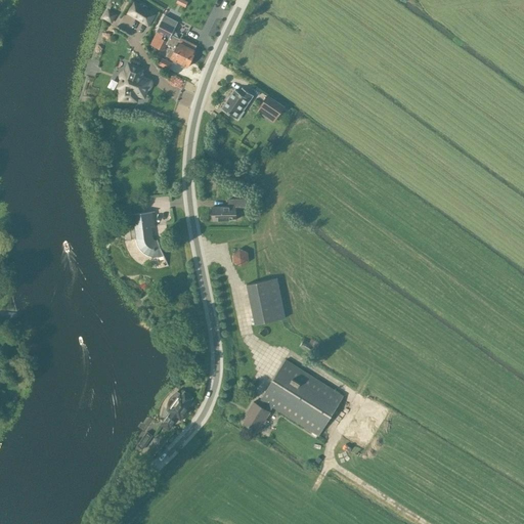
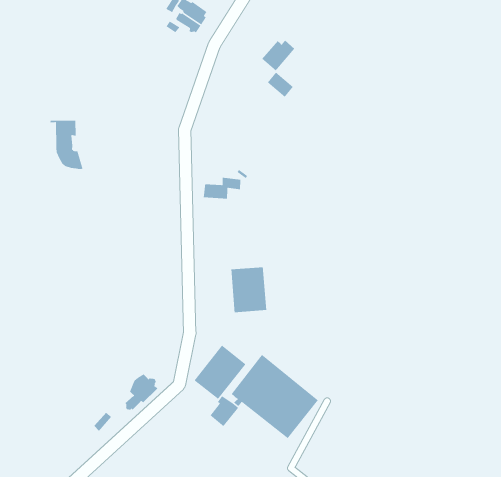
building: [121,64,149,99] -> none
building: [221,88,252,119] -> [261,40,295,72]
building: [127,211,164,257] -> [50,120,83,170]
building: none -> [193,345,246,400]

